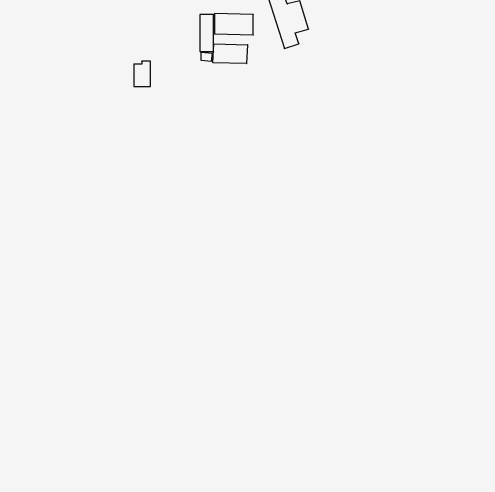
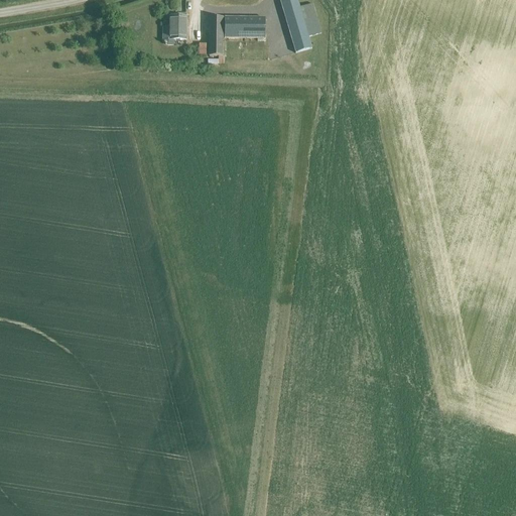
building: [213,44,248,64] -> none
building: [134,61,150,86] -> [168,11,185,37]

